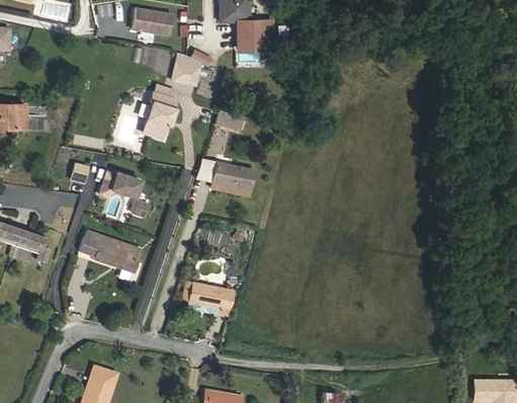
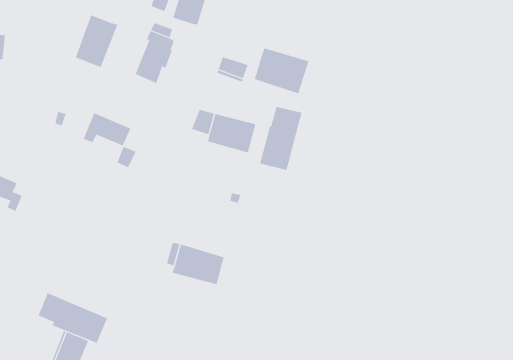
building: none -> [75,15,118,68]
building: none -> [254,48,309,94]
building: none -> [260,106,302,171]
building: [80,230,143,272] -> [38,292,108,343]

